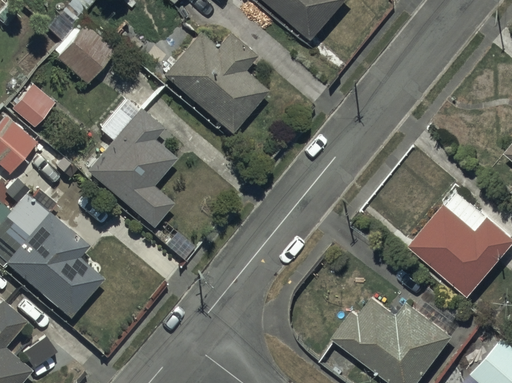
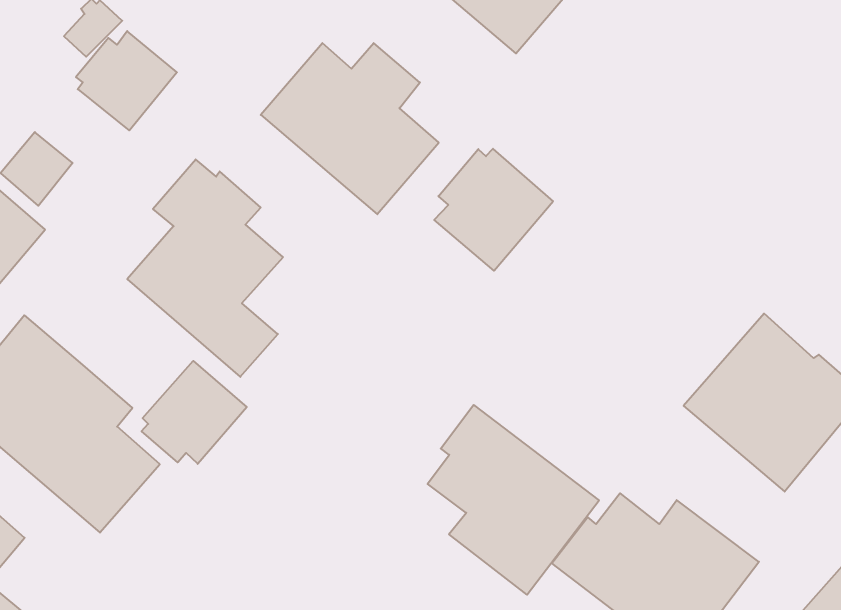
building: none -> [434,149,553,271]
building: none -> [142,361,247,464]
building: none -> [428,405,599,595]

